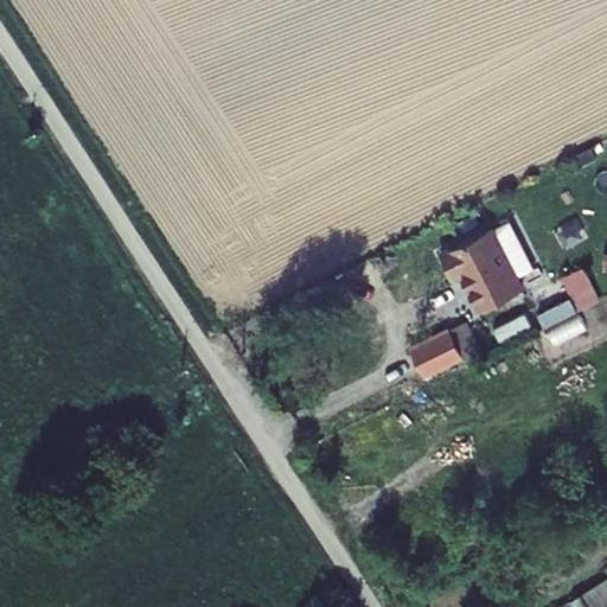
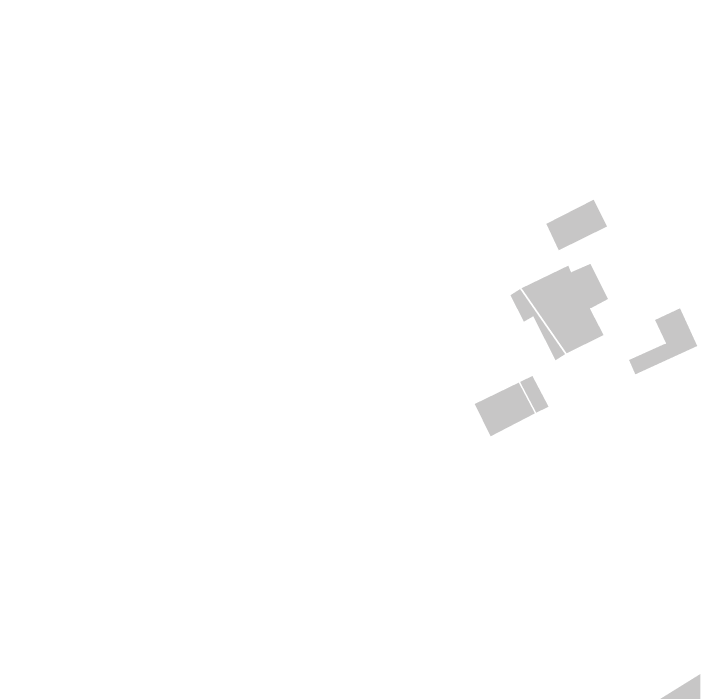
building: none -> [545,199,608,251]

